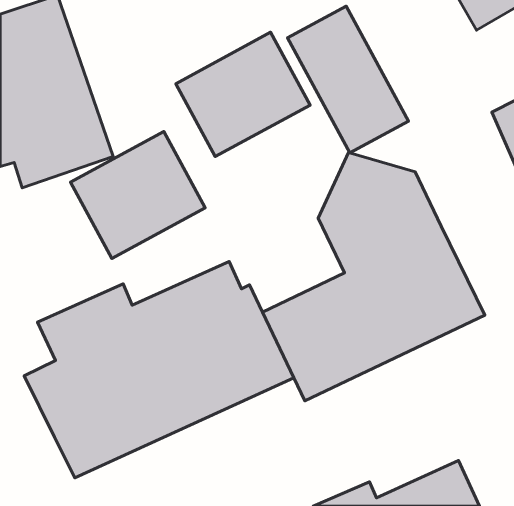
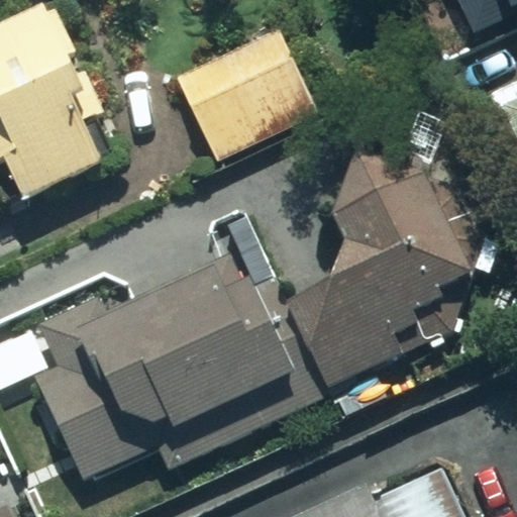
building: [287,6,408,153] -> none
building: [70,132,205,258] -> none

